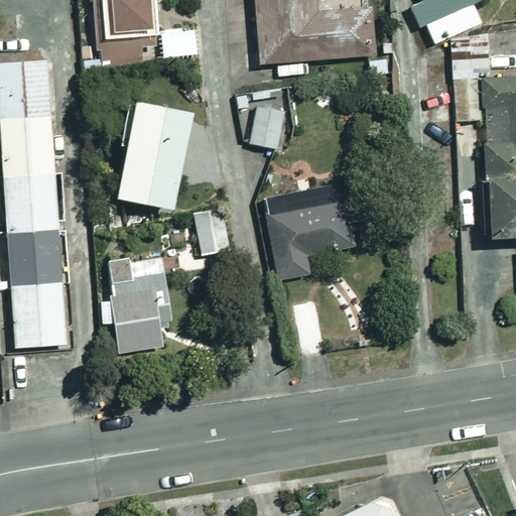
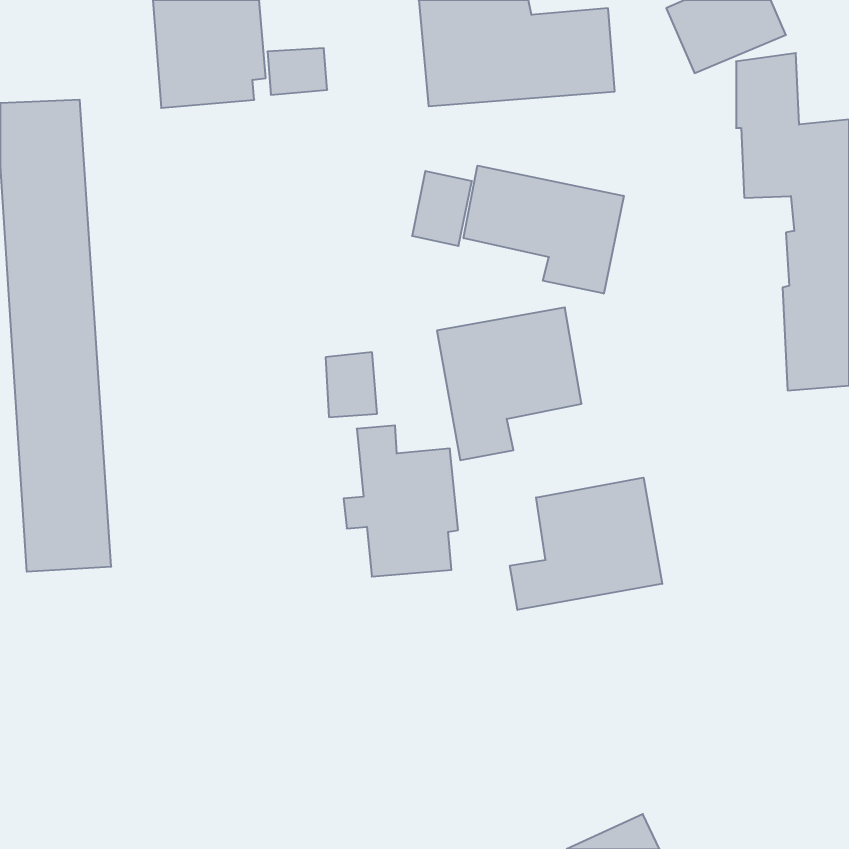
building: [119,100,195,209] -> none
building: none -> [464,166,624,294]
building: [102,259,171,351] -> [344,425,458,577]
building: none -> [510,478,662,610]

